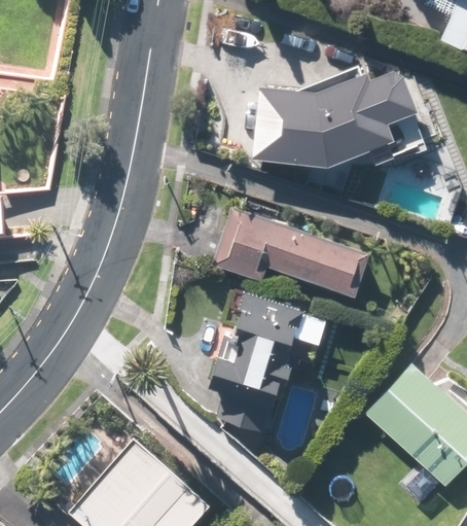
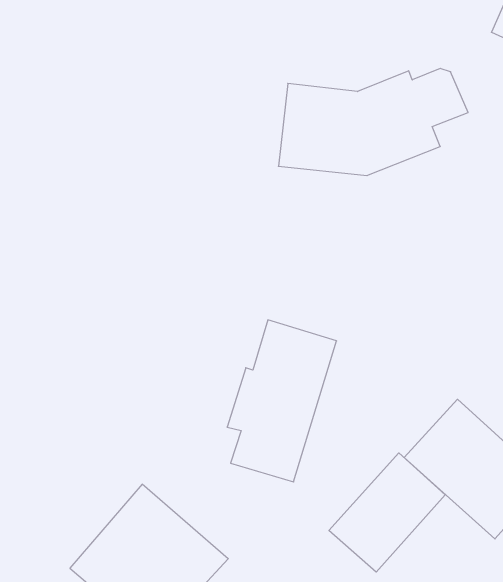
building: [213,210,371,297] -> none
building: none -> [329,453,445,572]

